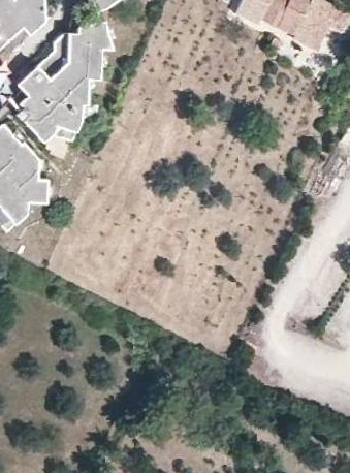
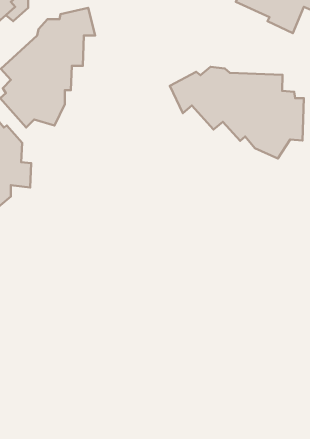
building: none -> [170,67,304,159]

